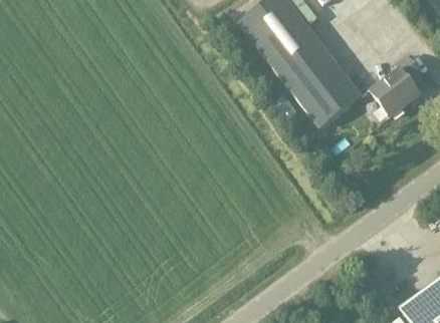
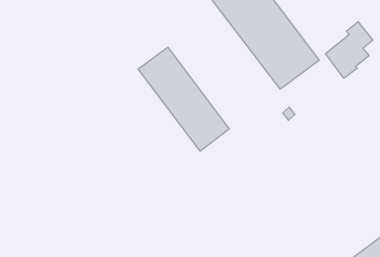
building: none -> [138,47,229,151]

